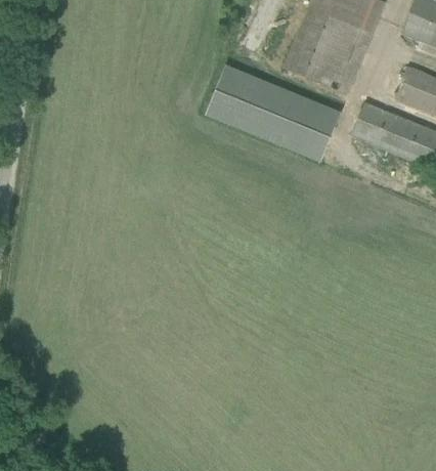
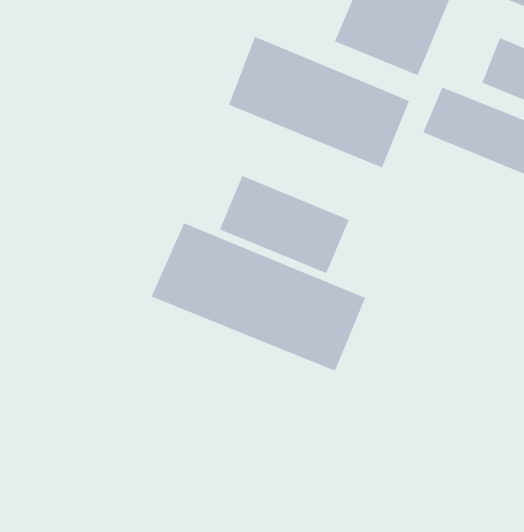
building: none -> [219,175,350,274]
building: none -> [151,223,366,372]

